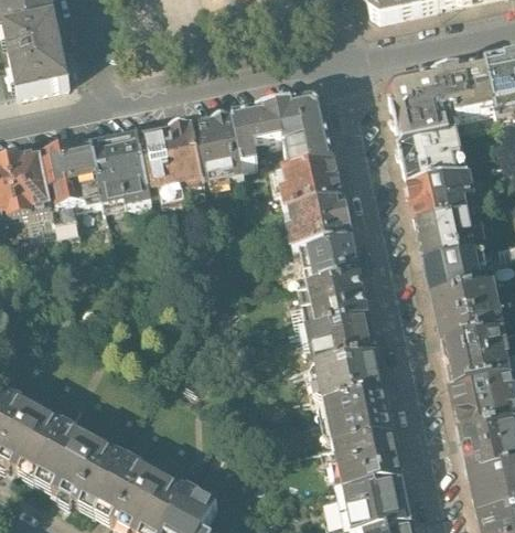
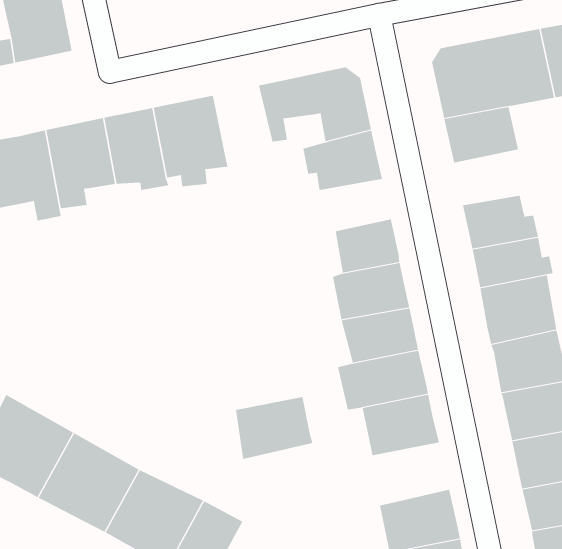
building: [193,109,247,178] -> none
building: [407,166,476,216] -> none
building: [287,193,352,241] -> none
building: [334,428,404,484] -> [235,396,313,459]

